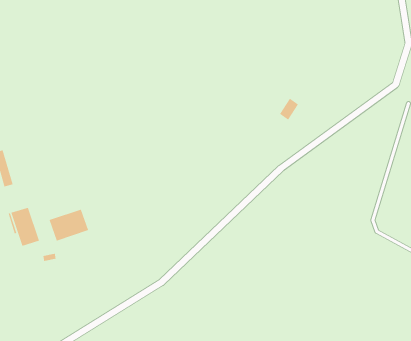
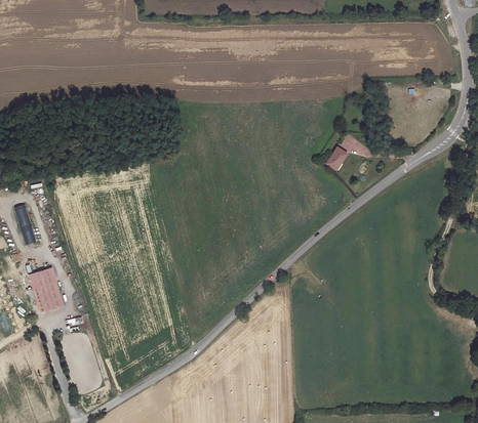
building: [49,209,89,241] -> none

